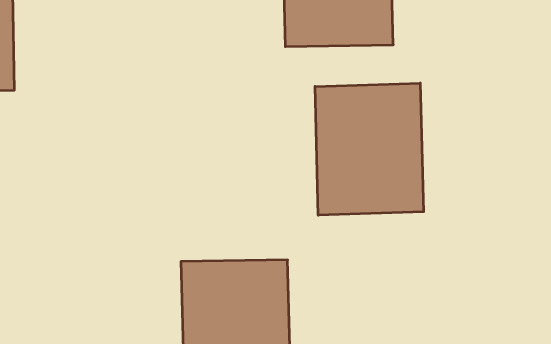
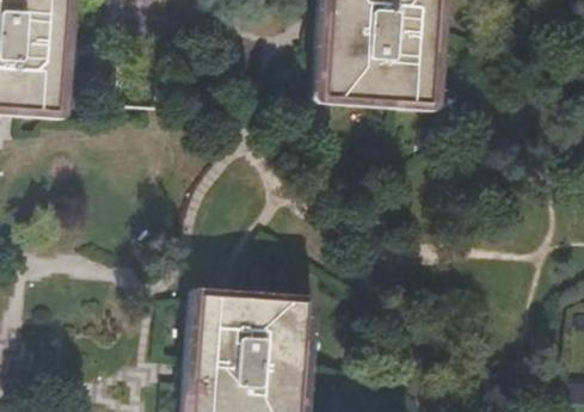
building: [315,83,424,215] -> none

